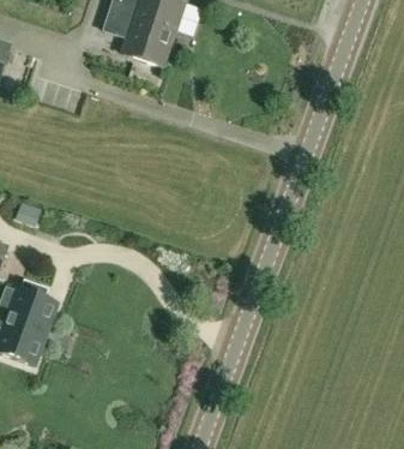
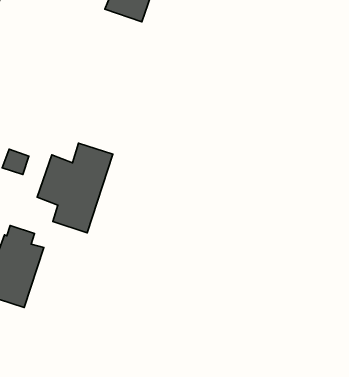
building: none -> [37,143,113,233]

